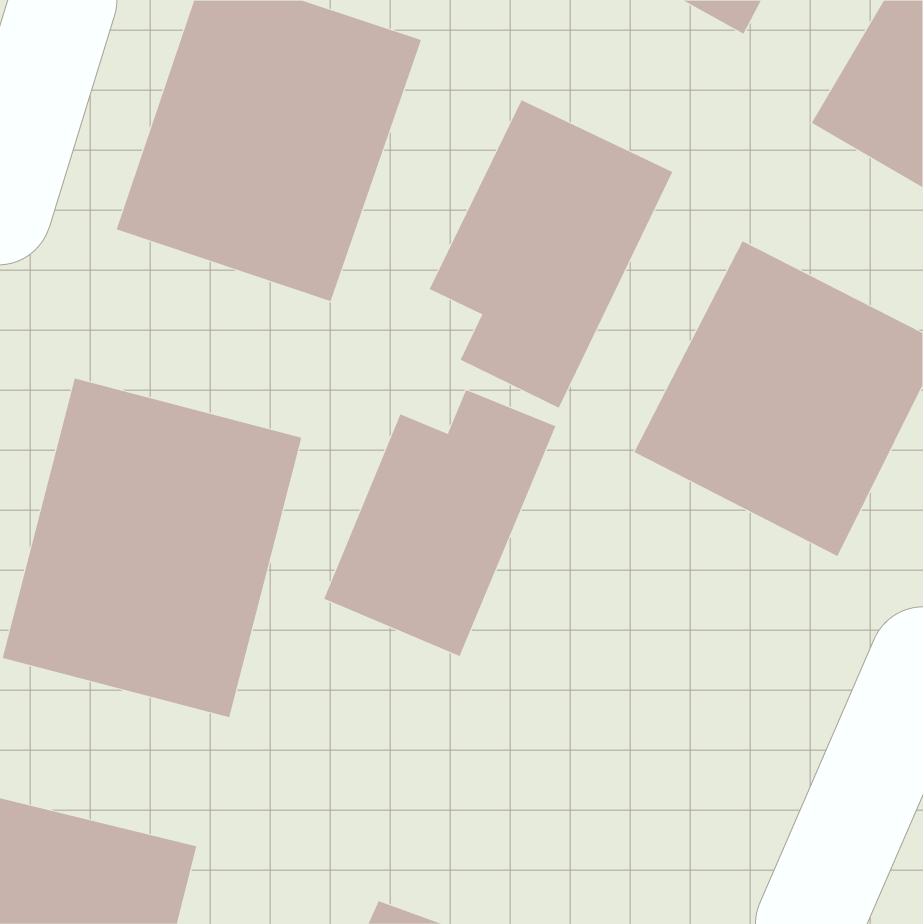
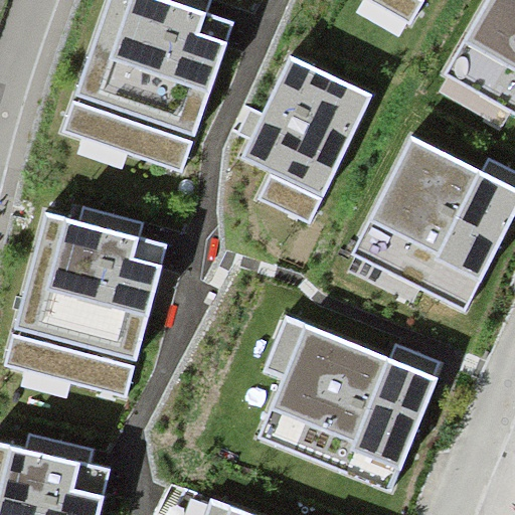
building: [323,389,556,657] -> none
building: none -> [263,315,439,491]

